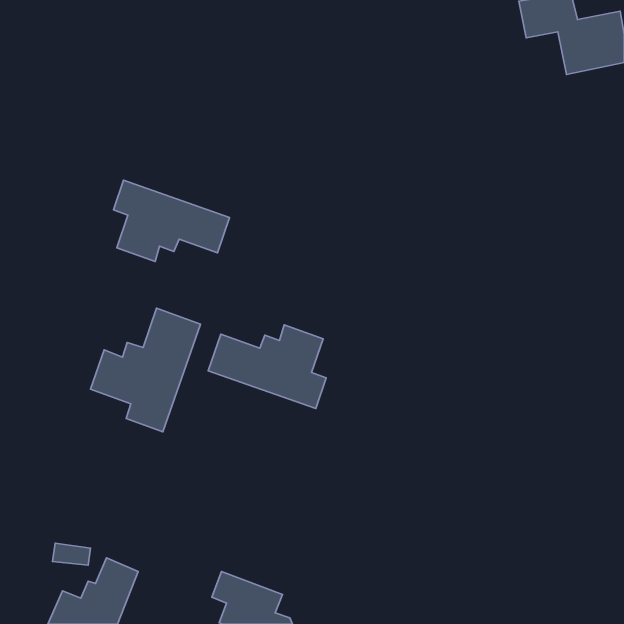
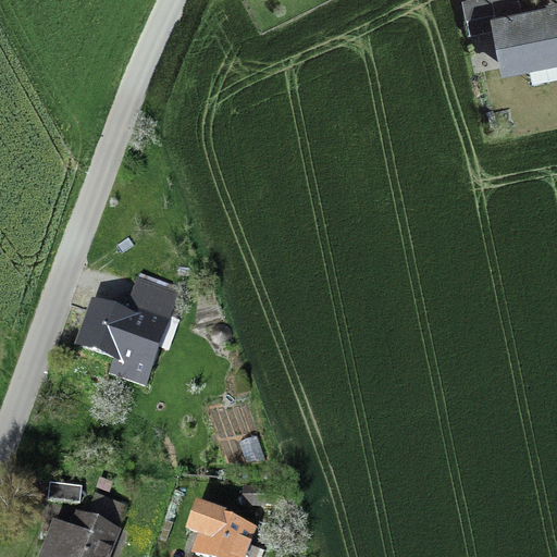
building: [113,180,230,261] -> none
building: [208,325,326,409] -> none

